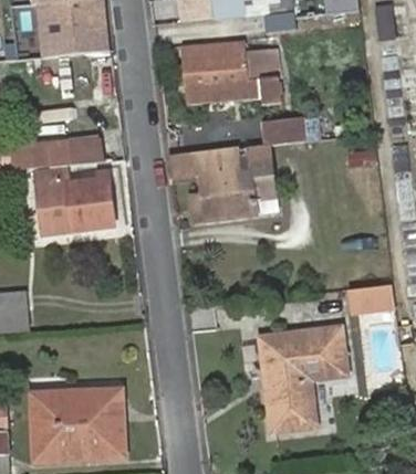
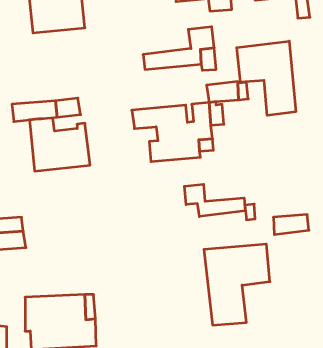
building: [178,41,243,85] -> none
building: none -> [237,41,296,115]
building: none -> [184,184,245,217]

